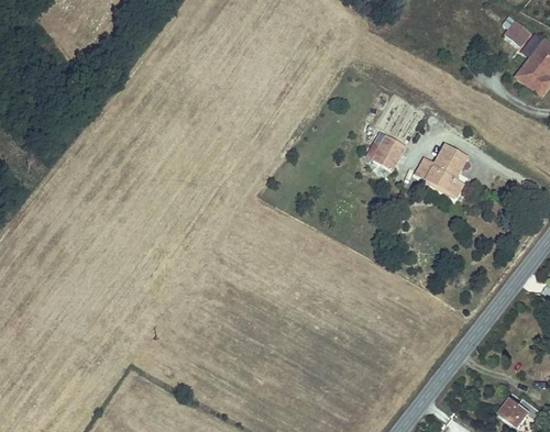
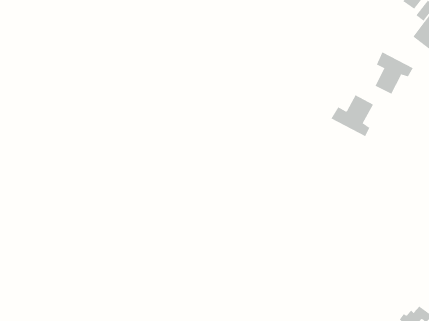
building: none -> [375,52,413,94]
building: [375,133,406,169] -> none

